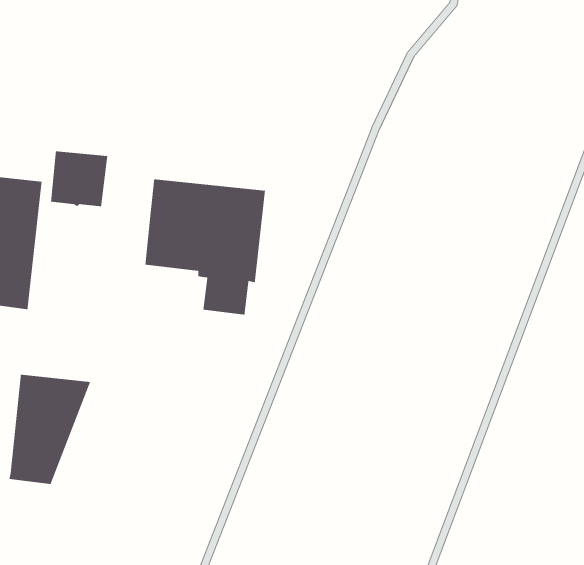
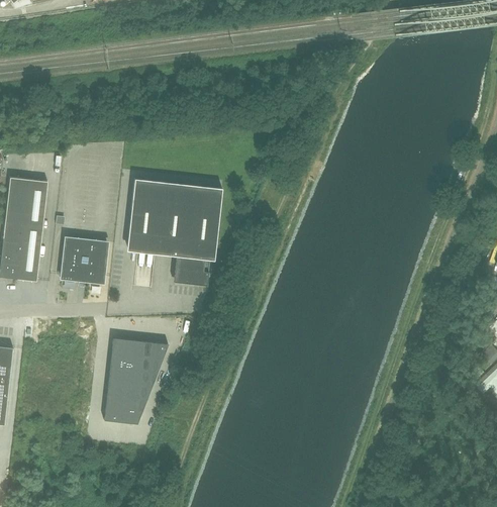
building: [50,150,108,207] -> [62,237,107,282]
building: [9,374,91,485] -> [103,337,168,424]

